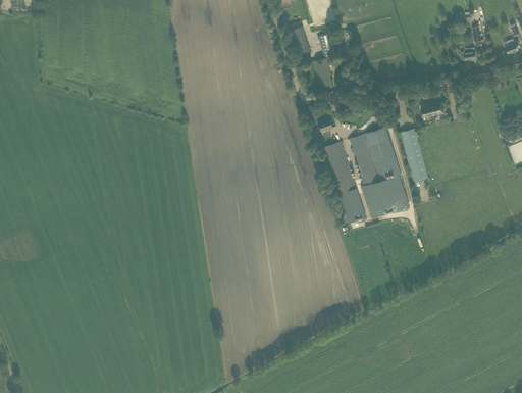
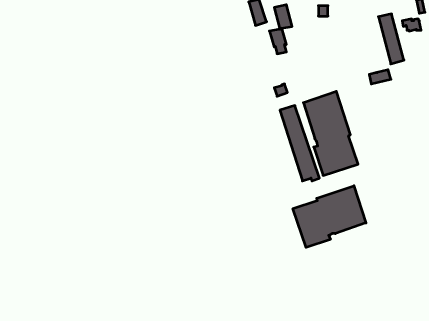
building: [401,128,428,182] -> [378,14,404,64]
building: none -> [293,186,366,247]

